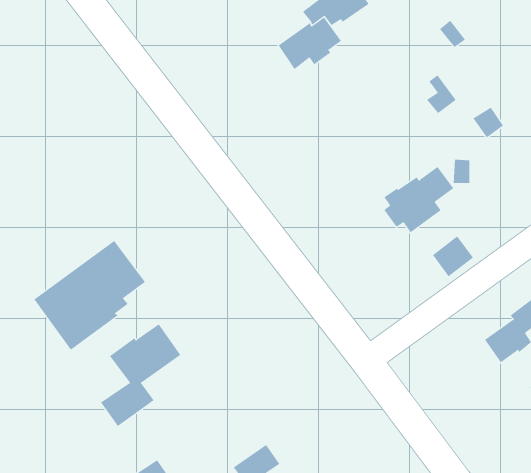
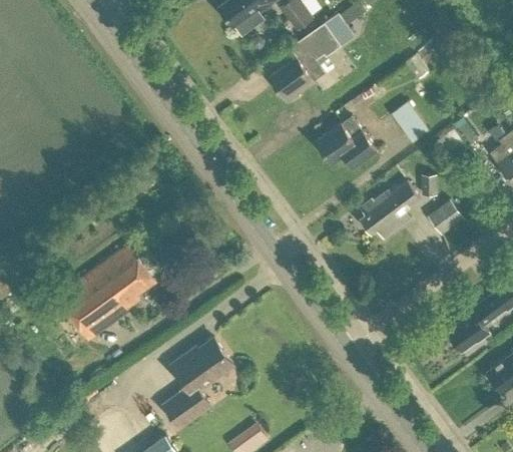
building: none -> [315,117,376,168]
building: [432,235,474,277] -> [427,199,463,236]
building: [100,324,181,427] -> [162,339,232,428]

